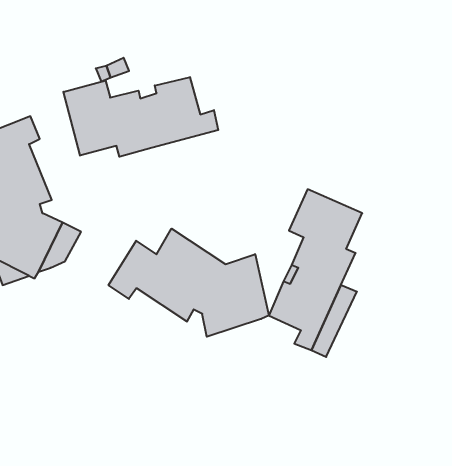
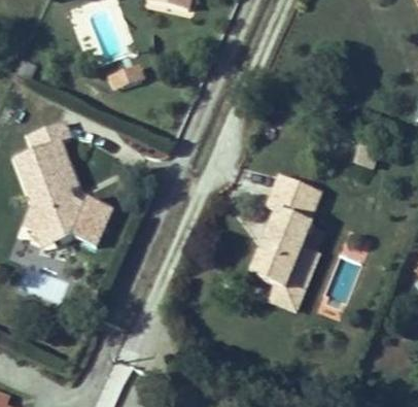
building: [63,77,218,157] -> none
building: [109,229,269,337] -> none

